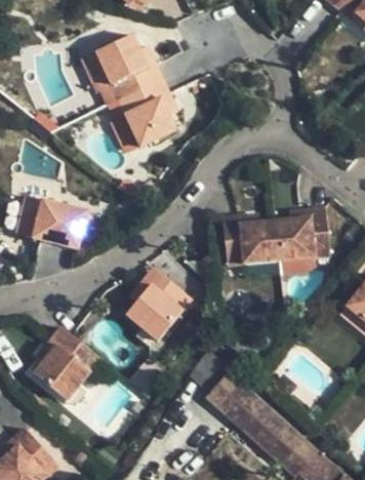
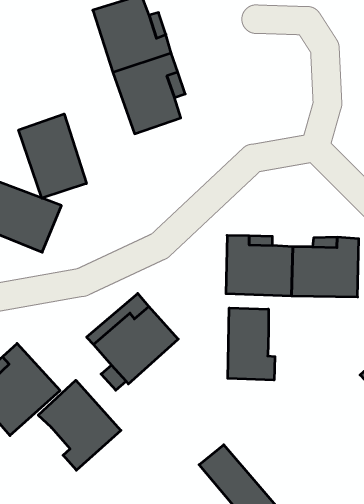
building: none -> [19,114,86,198]
building: none -> [228,308,275,380]
building: none -> [38,380,121,470]

